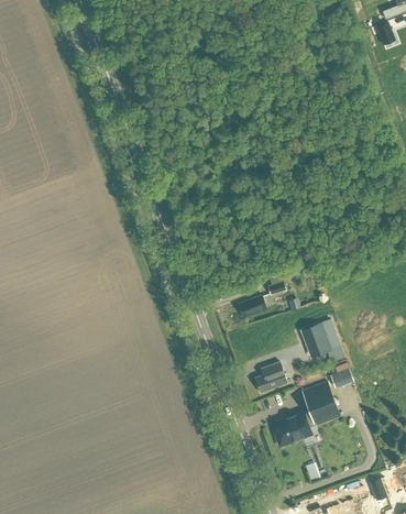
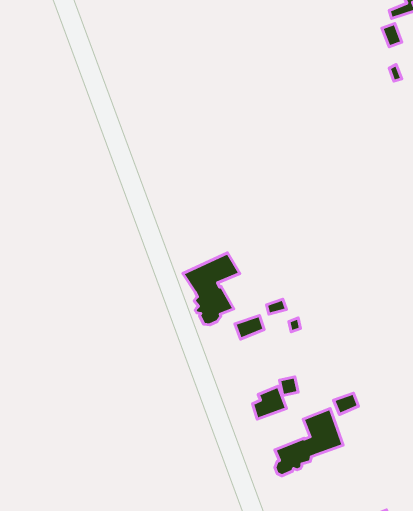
building: none -> [183,253,240,325]
building: [300,318,342,358] -> none

